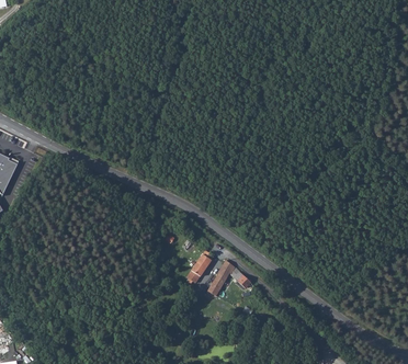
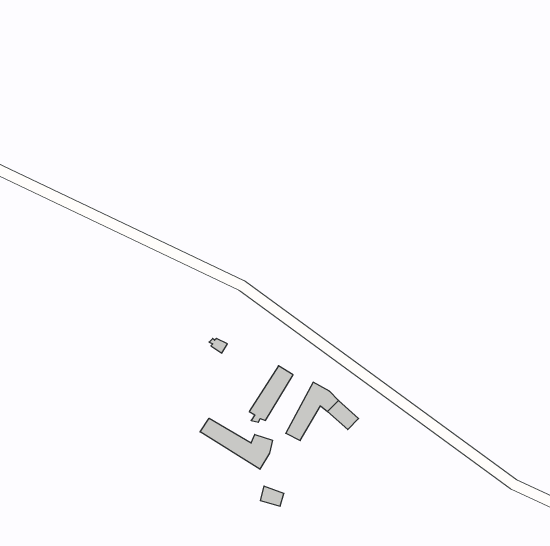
building: none -> [200,418,272,469]

